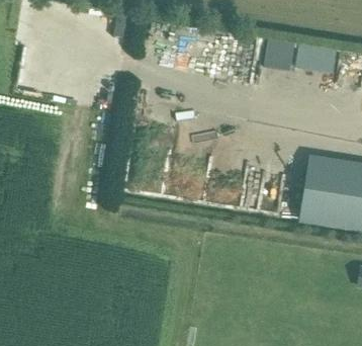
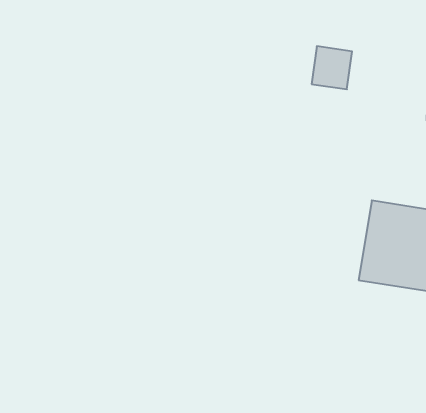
building: [296,44,336,72] -> none

